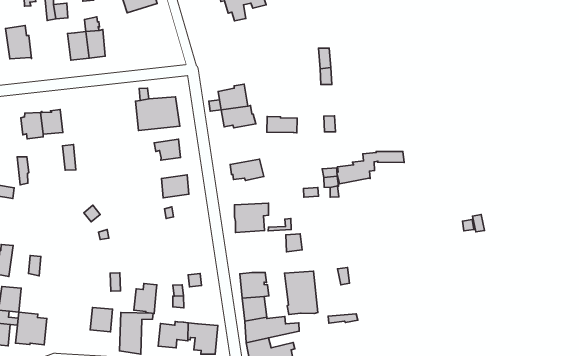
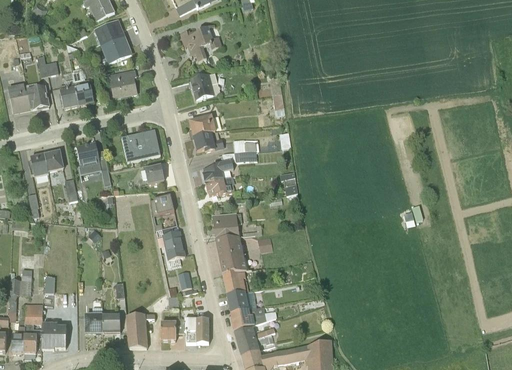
building: none -> [108,70,136,98]
building: none -> [26,82,48,110]
building: none -> [190,73,220,99]
building: none -> [76,142,110,186]
building: [337,151,404,184] -> [202,150,257,182]
building: none -> [161,230,184,259]
building: [284,271,318,314] -> [215,234,246,272]
building: [134,284,157,313] -> [85,307,102,331]

